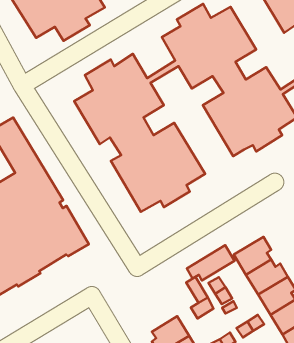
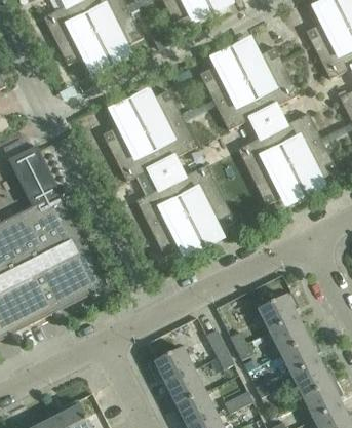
building: [187,245,235,281] -> none
building: none -> [149,347,193,384]

